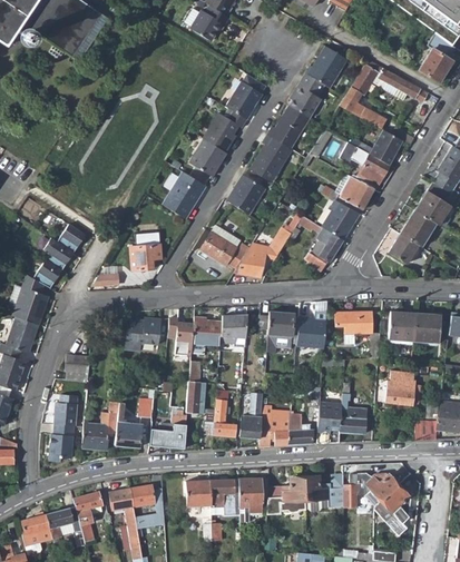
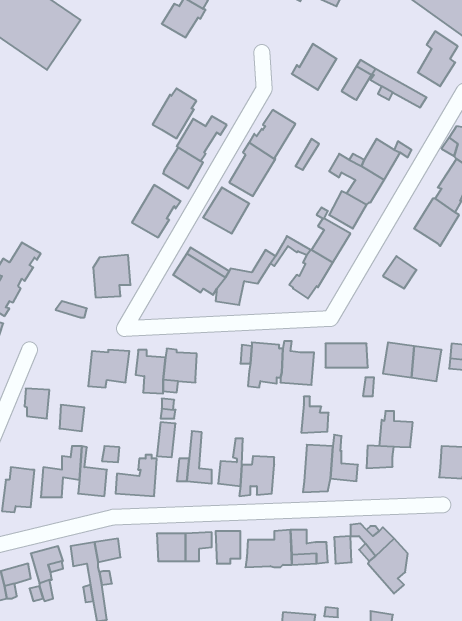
building: [290,71,326,116] -> none
building: [227,72,266,117] -> [153,88,196,138]
building: [340,87,388,129] -> none
building: [400,209,437,247] -> none
building: [221,315,248,343] -> none
building: [55,401,77,424] -> [59,405,84,431]
building: [288,413,313,445] -> [301,397,329,433]
building: [414,421,439,441] -> [366,446,394,468]

